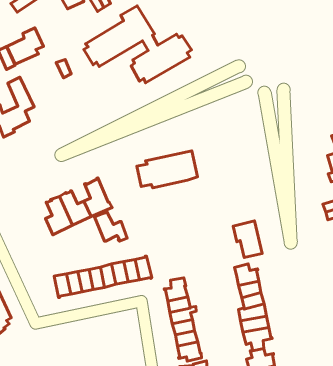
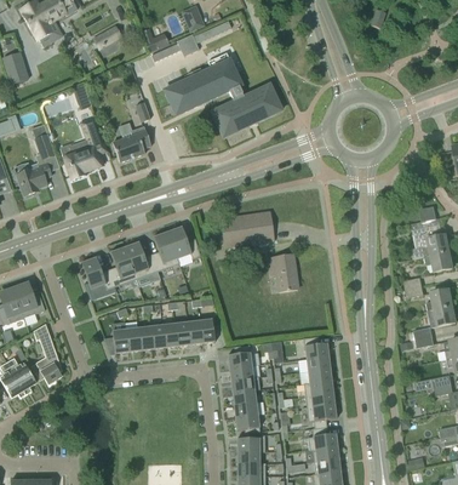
building: [7,28,43,64] -> [111,125,150,161]
building: none -> [80,256,114,289]
building: [94,211,127,241] -> [167,226,200,258]
building: [233,221,262,257] -> [269,253,297,291]

